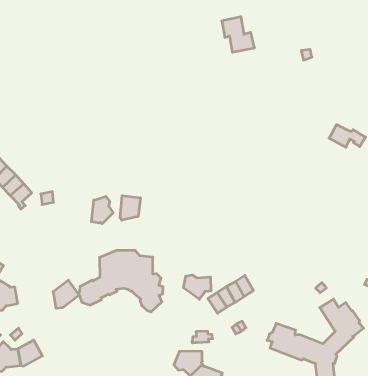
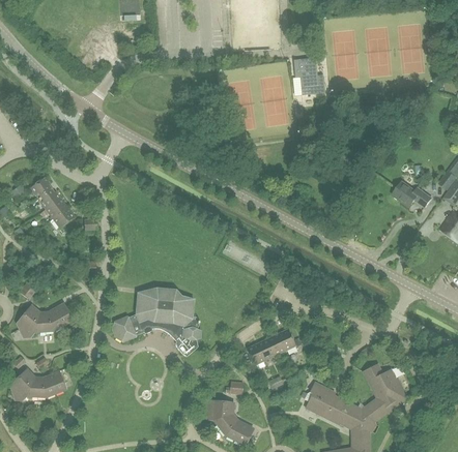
building: [120,196,140,220] -> none
building: [91,196,113,224] -> none
building: [184,275,211,299] -> none
building: [53,280,79,308] -> [46,302,73,330]

